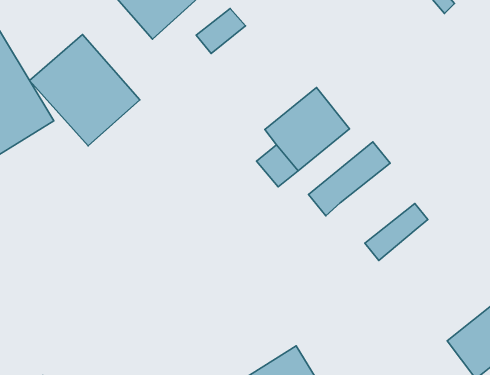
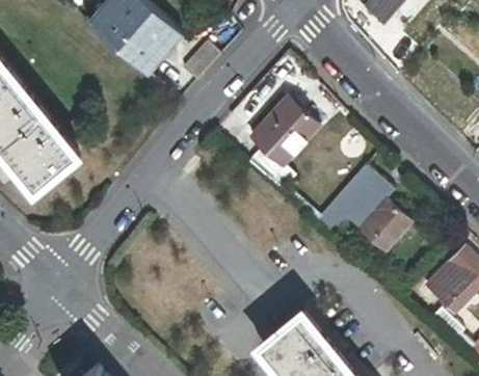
building: [29,34,140,146] -> none
building: [309,142,390,216] -> [319,165,382,232]
building: none -> [360,202,410,253]

